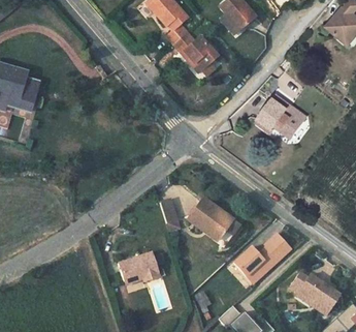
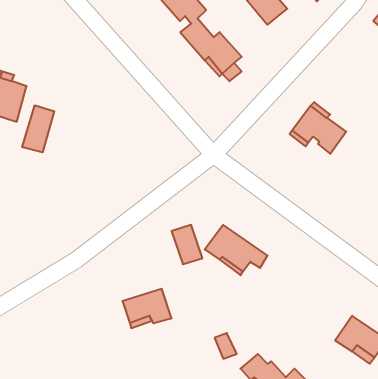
building: none -> [22,105,54,152]
building: [234,233,291,282] -> none

